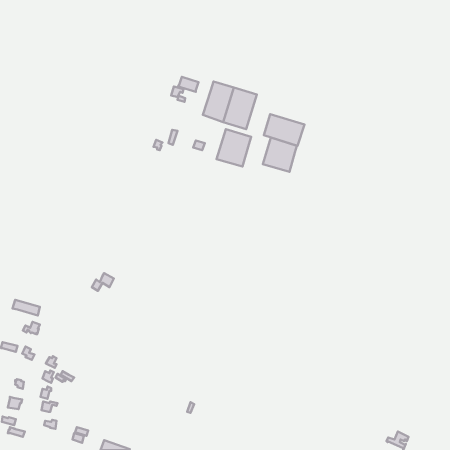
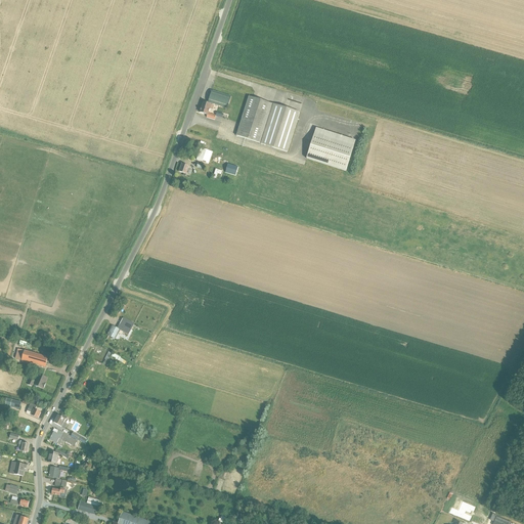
building: [217,129,251,166] -> none
building: [263,138,297,172] -> none

